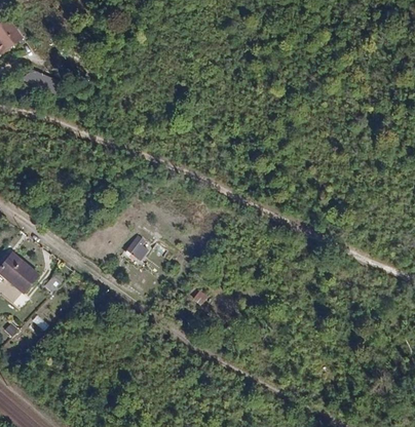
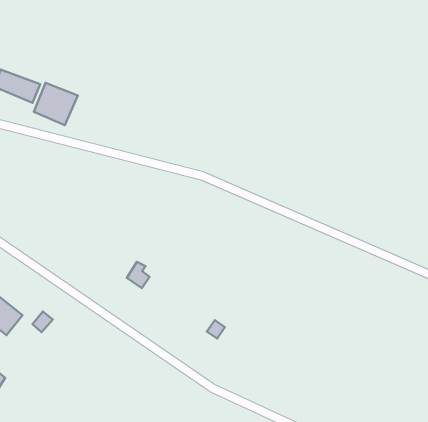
building: none -> [34,83,78,125]

